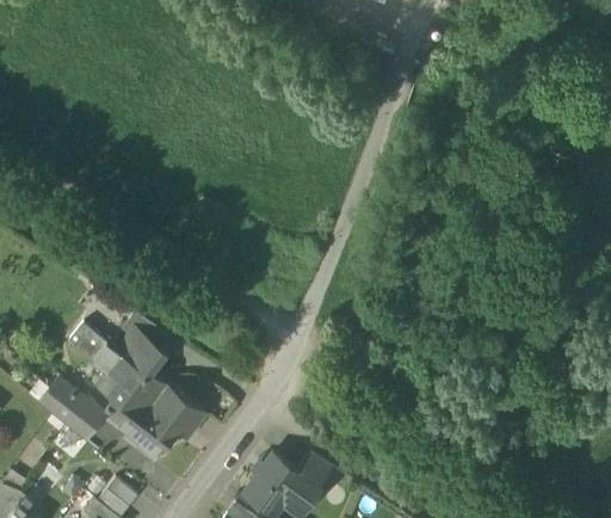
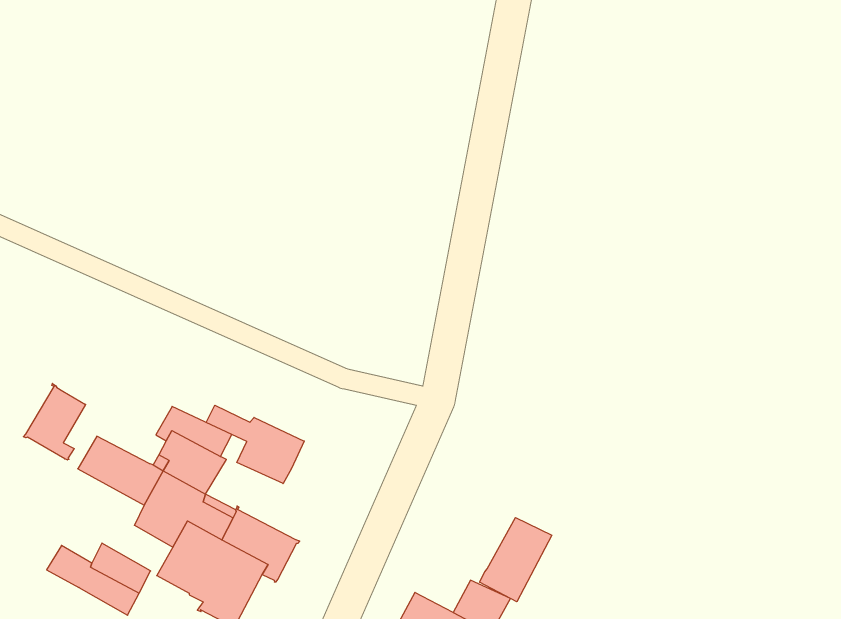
building: none -> [23,383,86,460]
building: none -> [206,405,304,484]
building: none -> [480,518,552,602]

